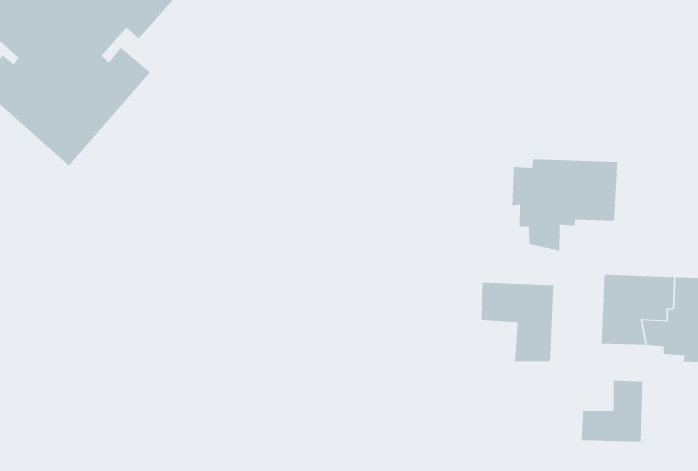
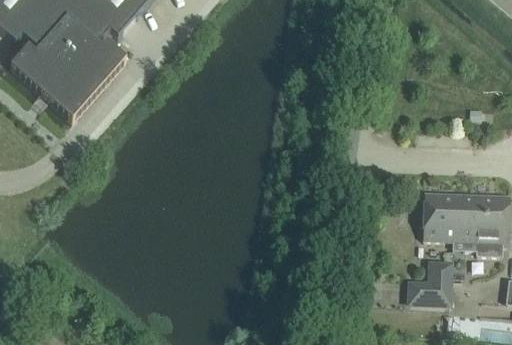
building: [512,158,618,252] -> none
building: [481,282,554,362] -> none

